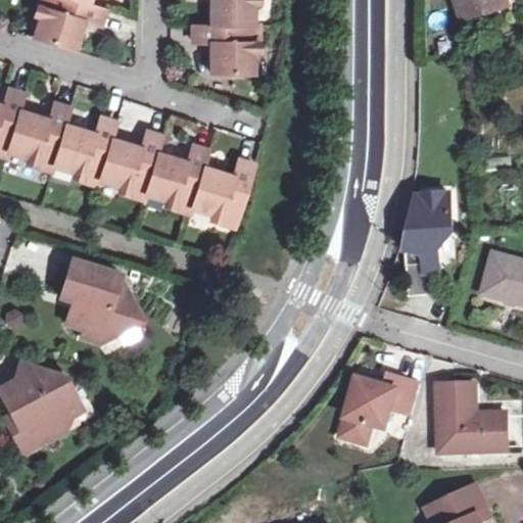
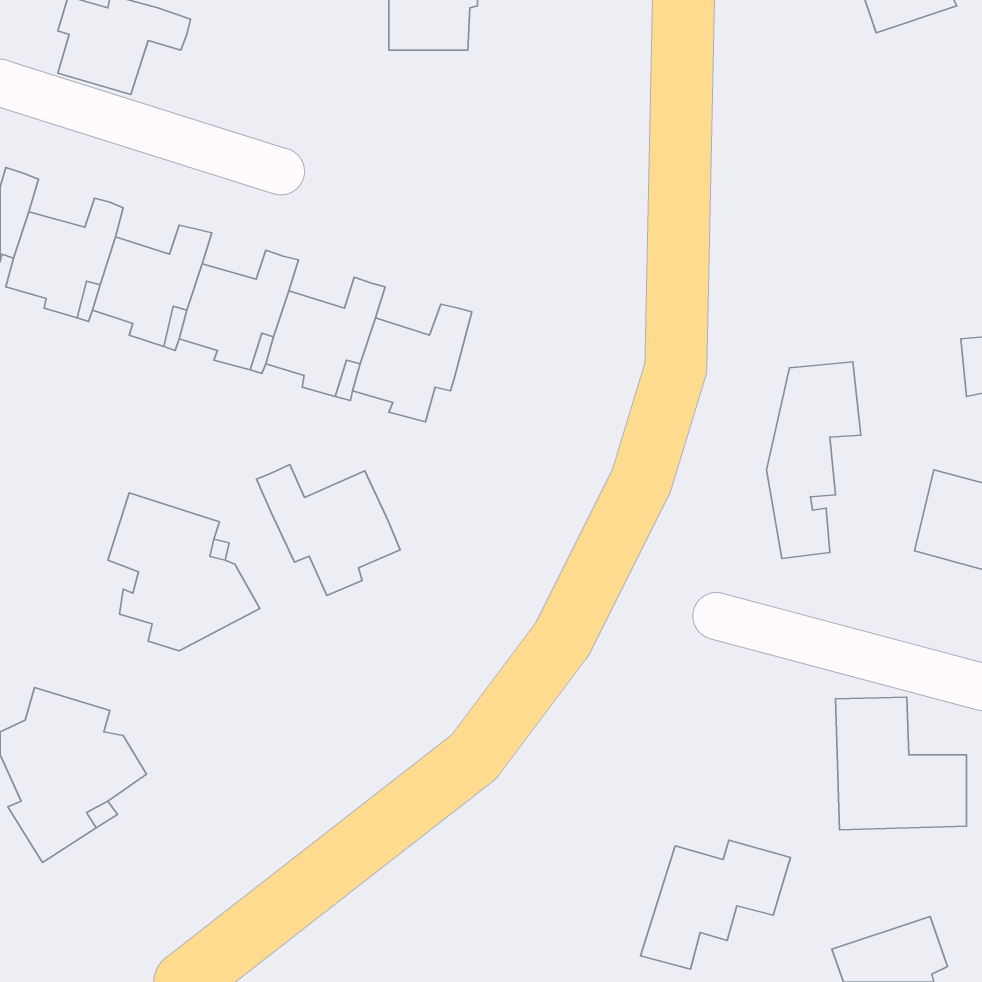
building: [190,27,254,75] -> none
building: none -> [256,464,400,596]
building: [344,371,424,439] -> [640,840,791,969]

